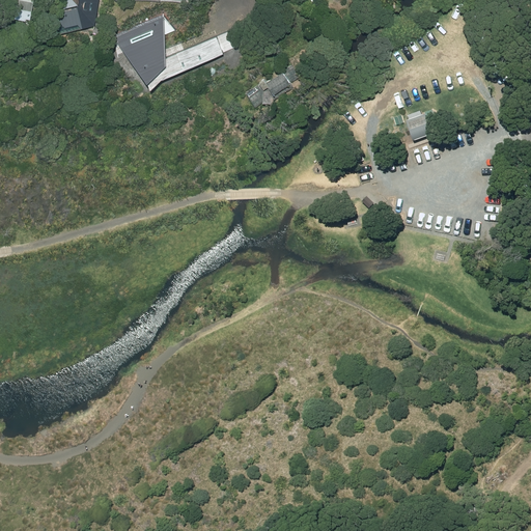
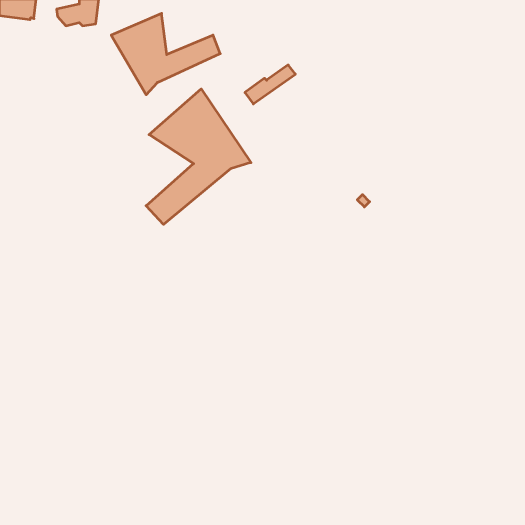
building: none -> [146,89,251,224]
building: [404,114,430,141] -> none

